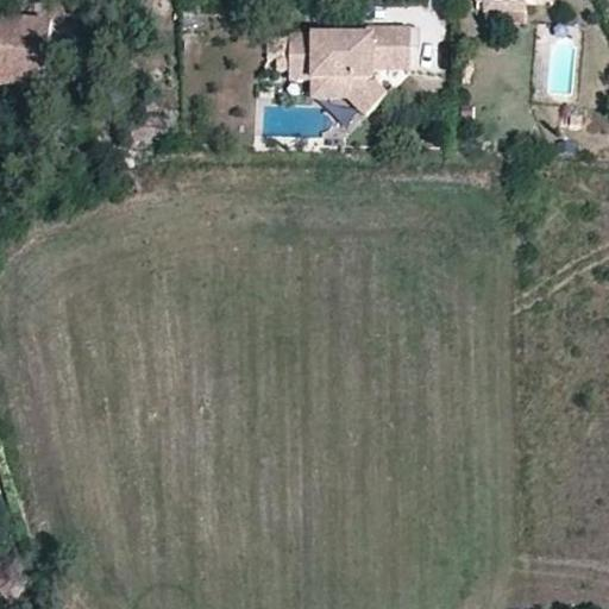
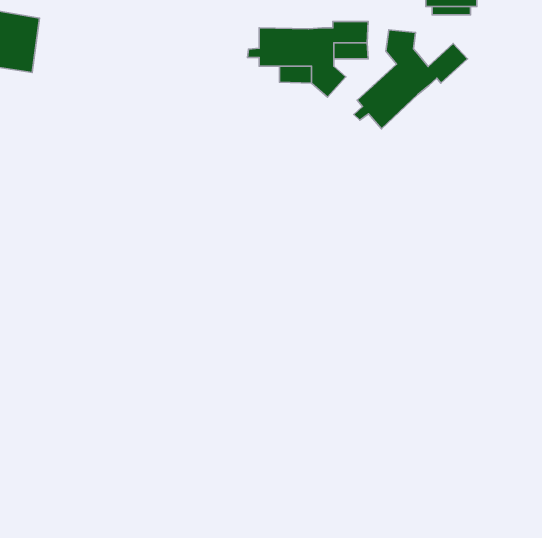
building: none -> [354,30,467,129]

